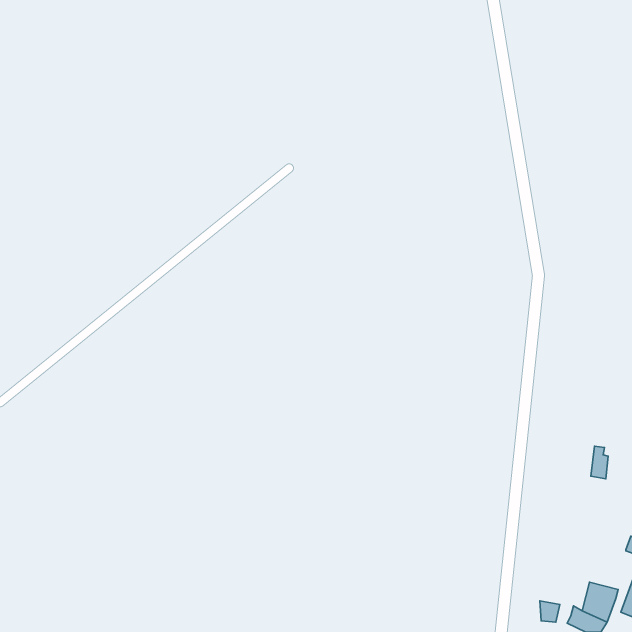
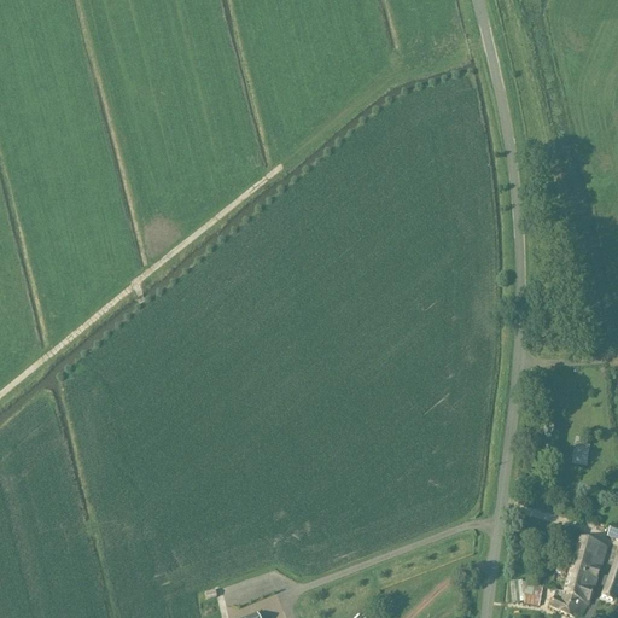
building: none -> [576,536,611,571]

